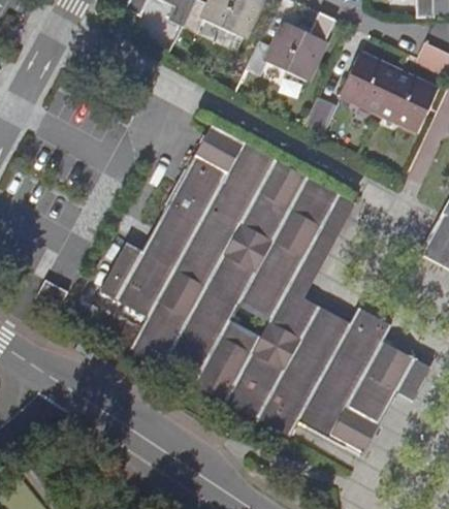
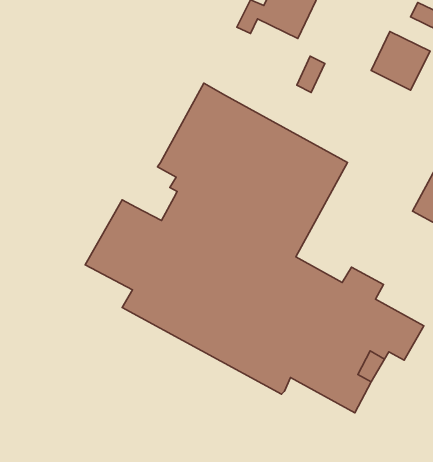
building: [339,54,398,113] -> none
building: [145,209,186,262] -> none

